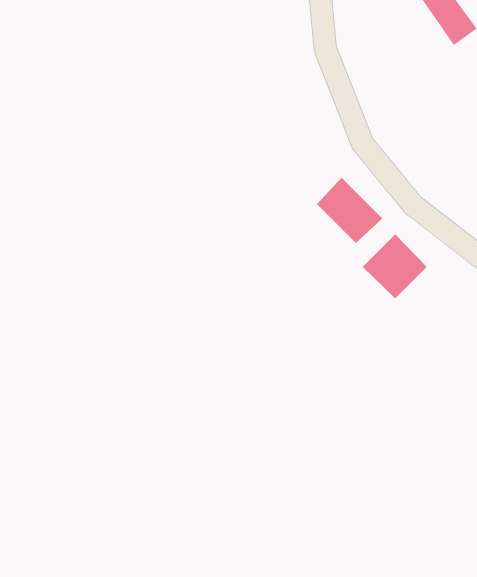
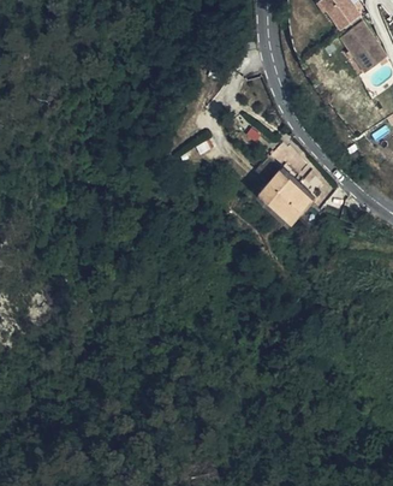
building: [362,233,427,299] -> none

